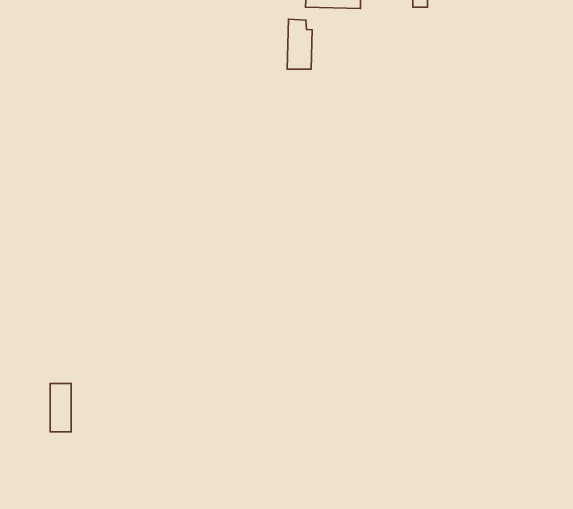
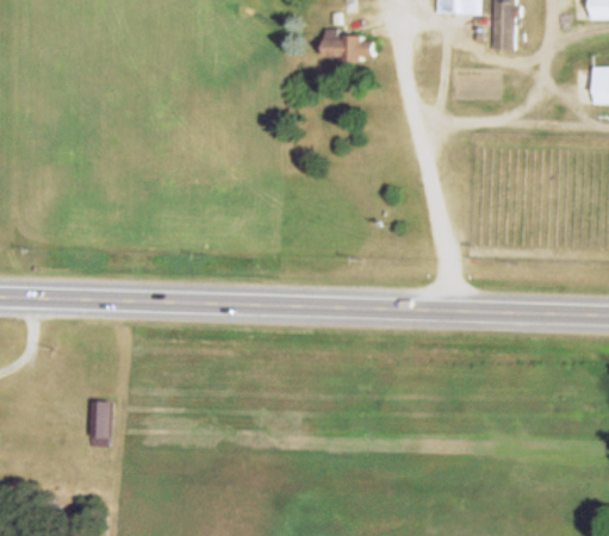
building: [287,19,312,69] -> none

